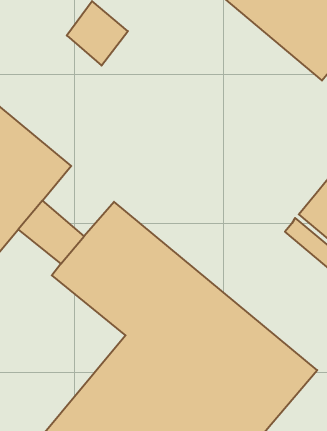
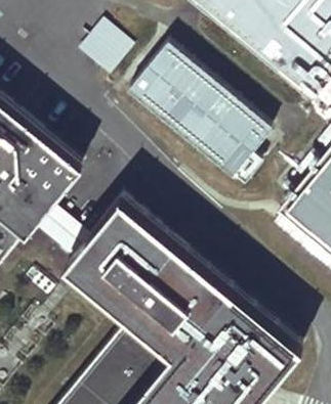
building: none -> [132,43,275,184]

